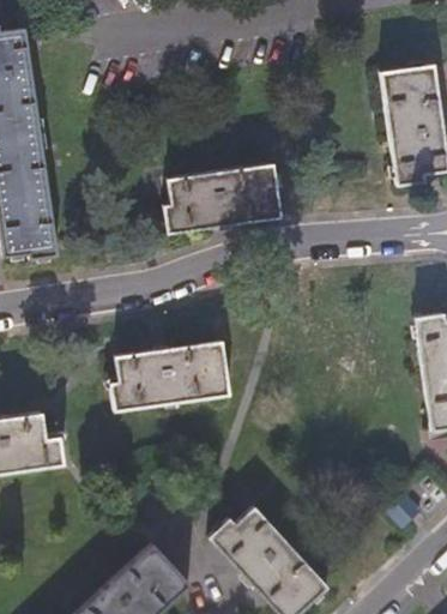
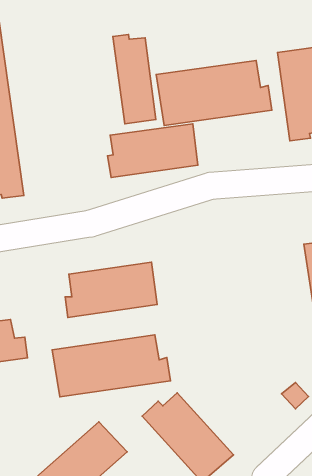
building: none -> [113,34,156,124]
building: none -> [156,61,272,125]
building: none -> [52,335,171,397]

